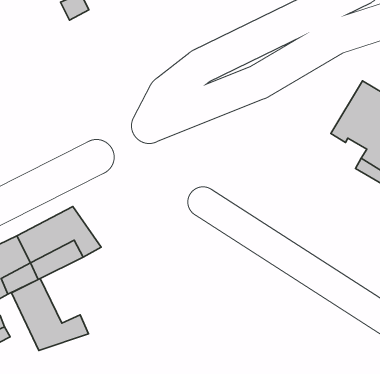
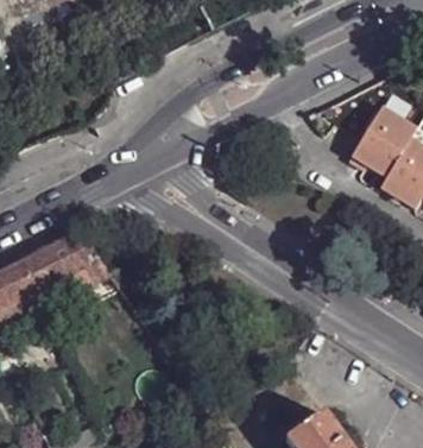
building: [11,279,89,351] -> none

